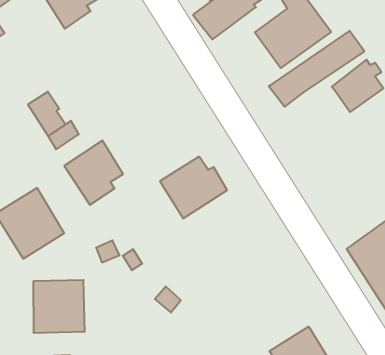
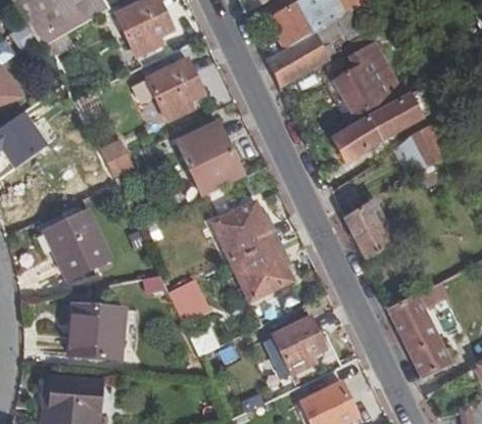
building: none -> [146,57,204,121]
building: none -> [342,198,390,258]
building: [64,140,123,205] -> [178,123,235,185]
building: none -> [231,237,292,299]
building: none -> [266,317,326,374]

